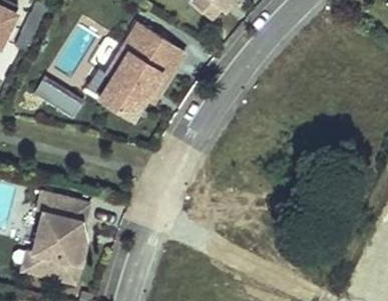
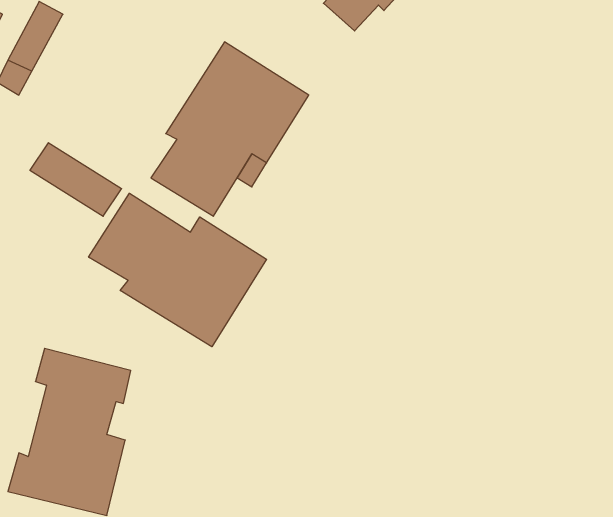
building: none -> [89,193,267,347]

